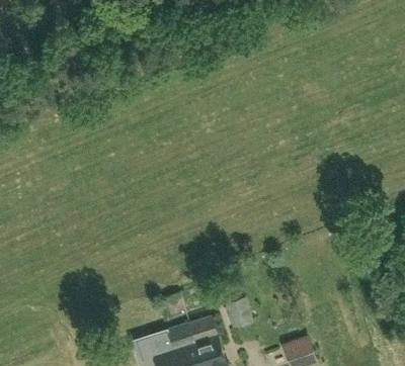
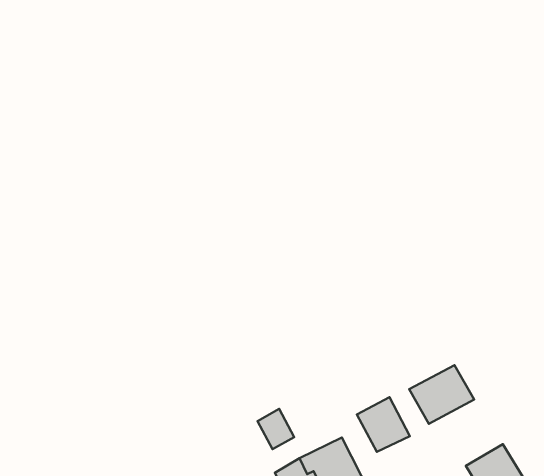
building: none -> [409,365,474,424]

